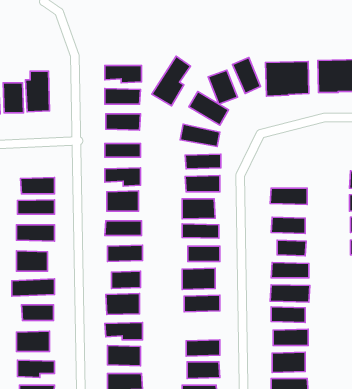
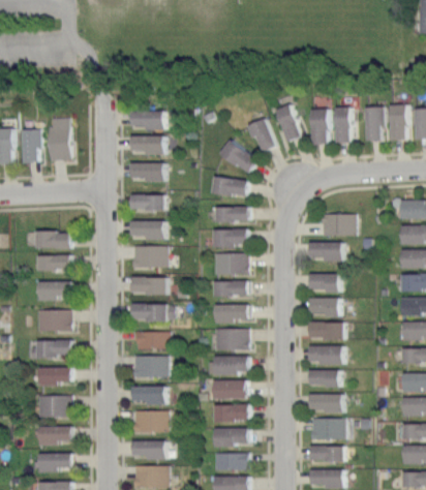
building: [152,56,191,106] -> none
building: none -> [321,214,356,237]
building: none -> [216,380,251,399]

